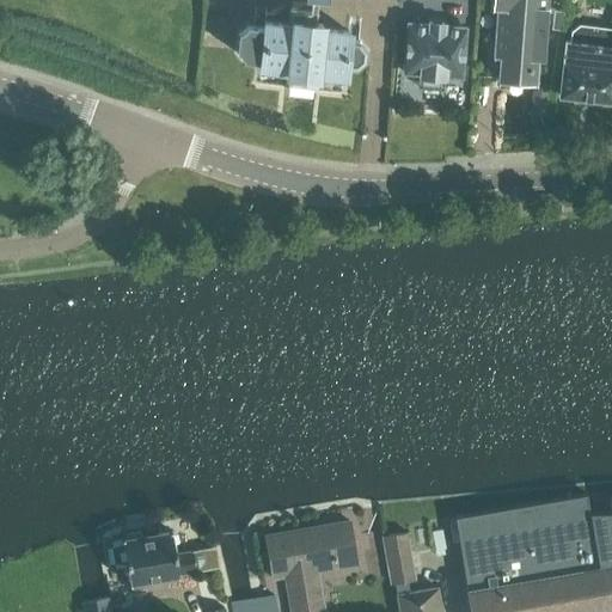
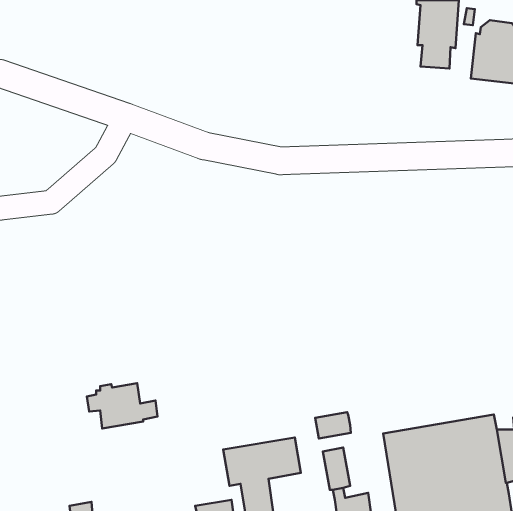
building: [238,12,368,94] -> none
building: [405,25,466,86] -> none
building: none -> [315,412,351,439]
building: [114,533,197,587] -> [87,383,157,429]

